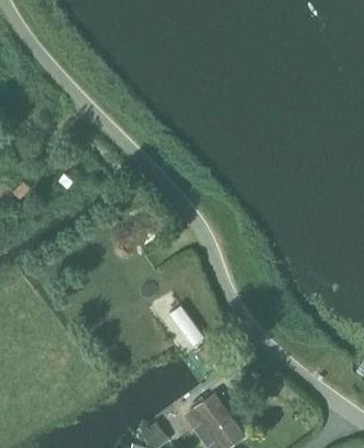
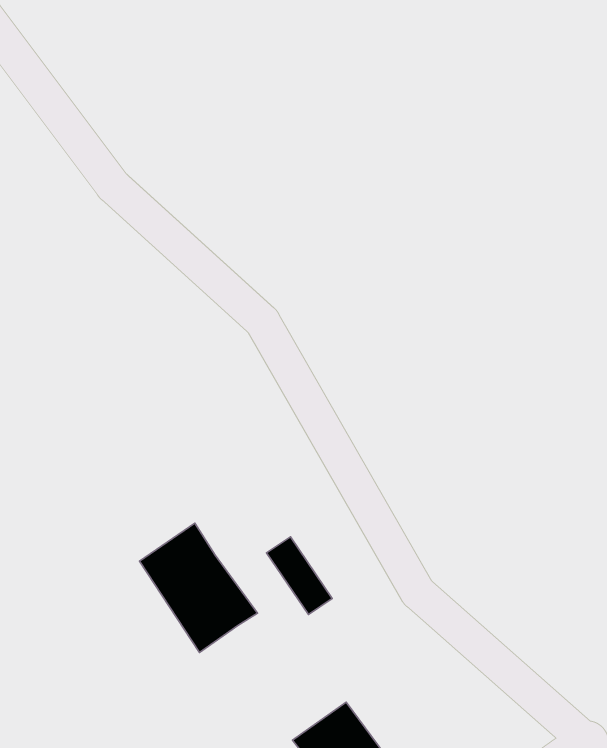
building: none -> [139,523,258,653]

